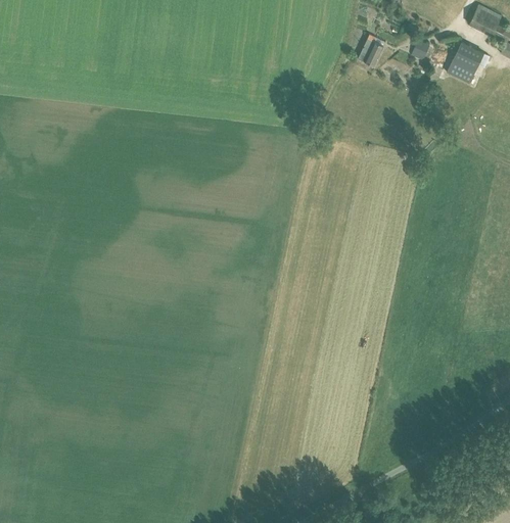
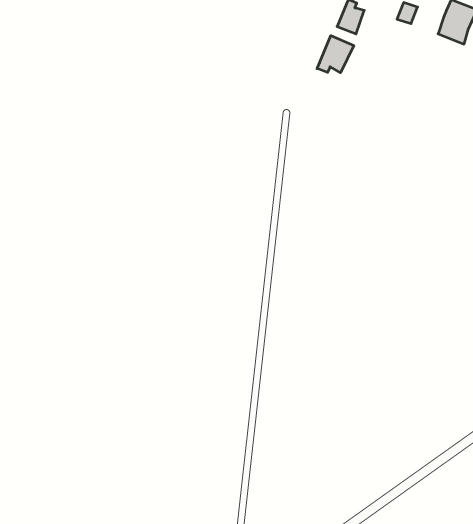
building: none -> [317,36,354,73]

